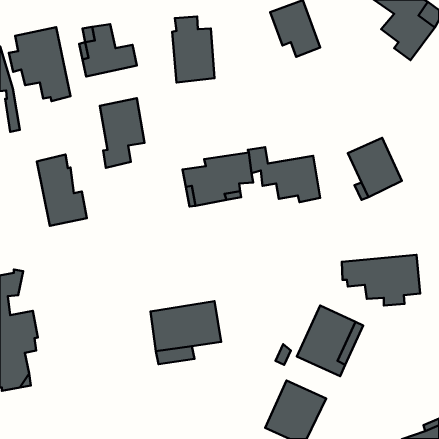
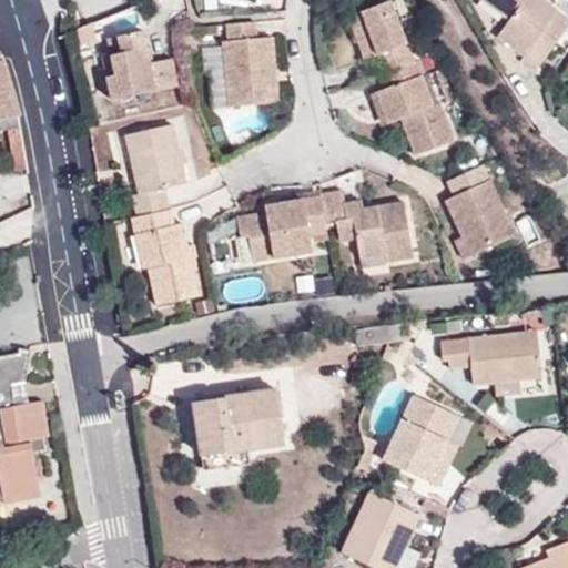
building: [9,27,71,101] -> none
building: none -> [376,59,453,155]
building: [37,154,87,226] -> [132,209,196,301]

